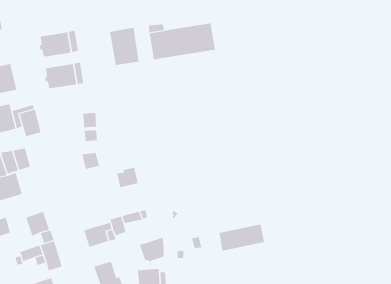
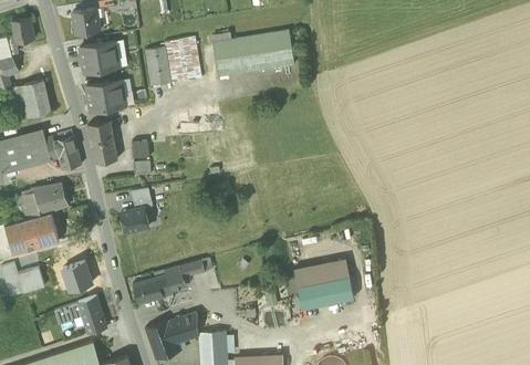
building: none -> [73,9,101,34]
building: none -> [145,46,172,86]
building: none -> [87,121,117,164]
building: [117,167,138,188] -> [122,208,148,233]
building: none -> [294,259,350,288]
building: [139,238,165,262] -> [167,313,198,343]

